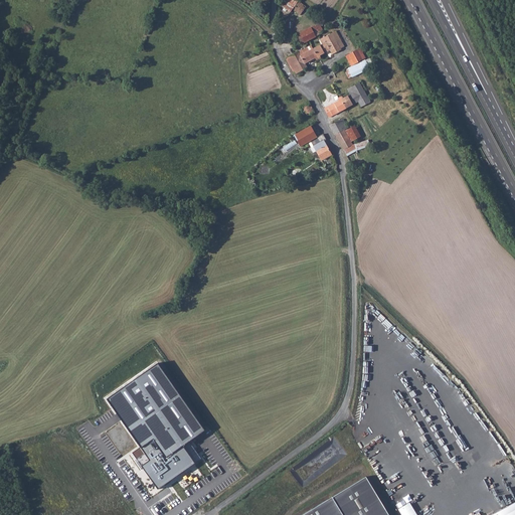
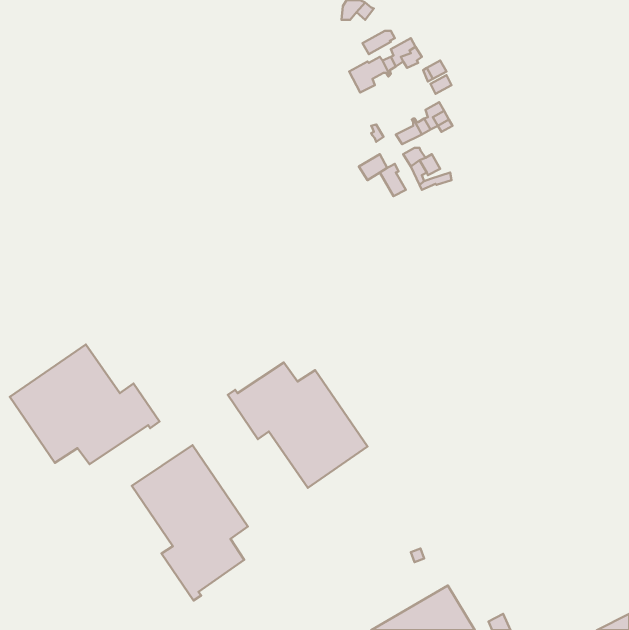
building: none -> [10,345,159,464]
building: none -> [228,363,367,488]

